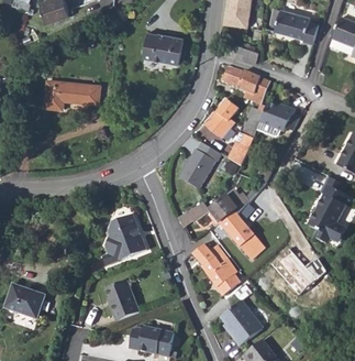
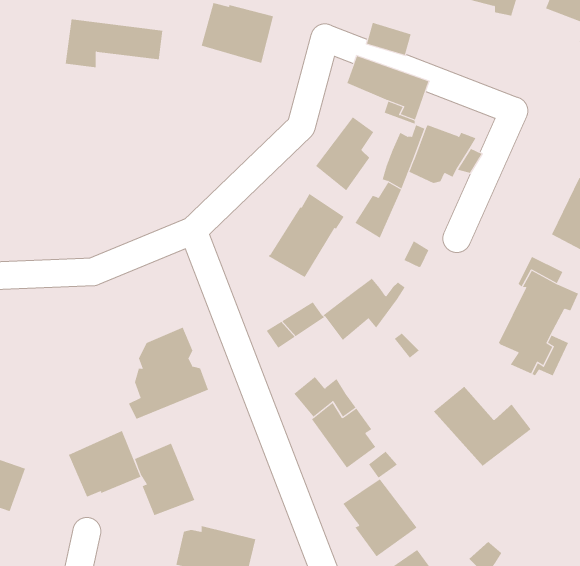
building: [46,79,101,107] -> [65,19,163,68]
building: [221,210,265,259] -> none
building: none -> [68,430,141,498]

